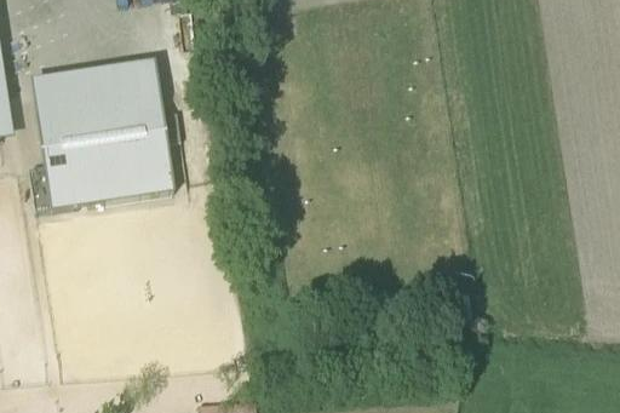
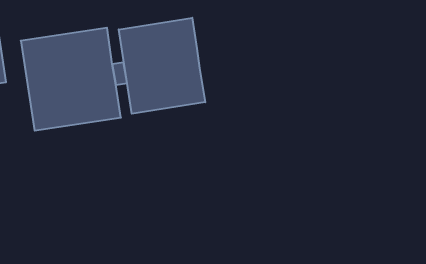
building: none -> [119,18,205,114]

